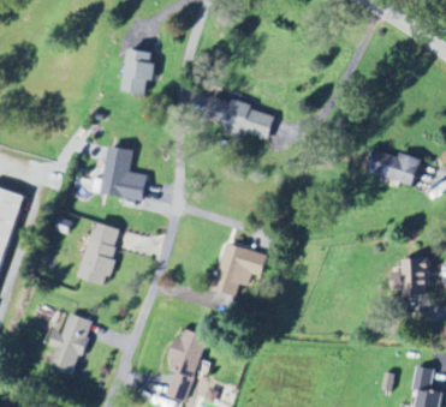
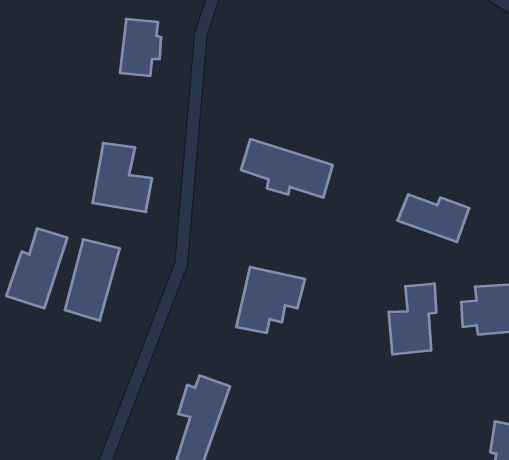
building: [202,95,274,140] -> [241,139,333,197]
building: [364,149,421,186] -> [397,194,469,242]
building: none -> [389,283,436,354]
building: [44,313,93,376] -> [6,229,67,308]

